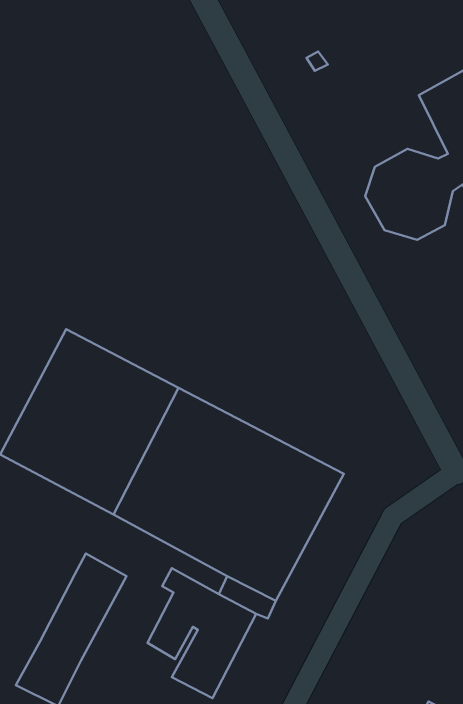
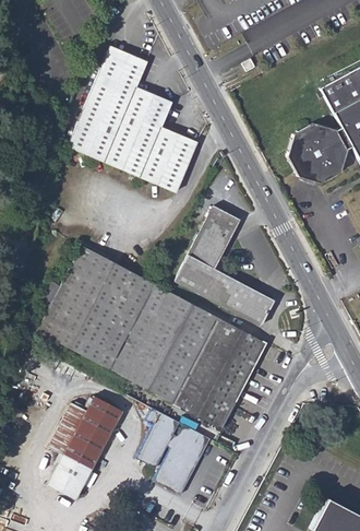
building: none -> [69,43,199,190]
building: none -> [176,206,274,327]
building: none -> [49,403,87,456]

